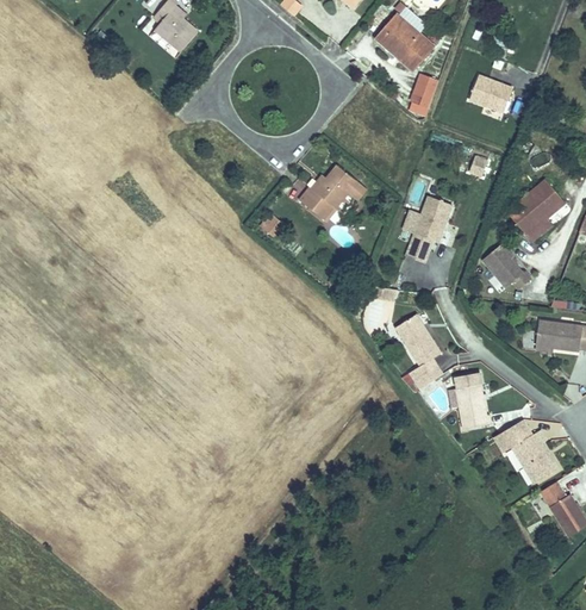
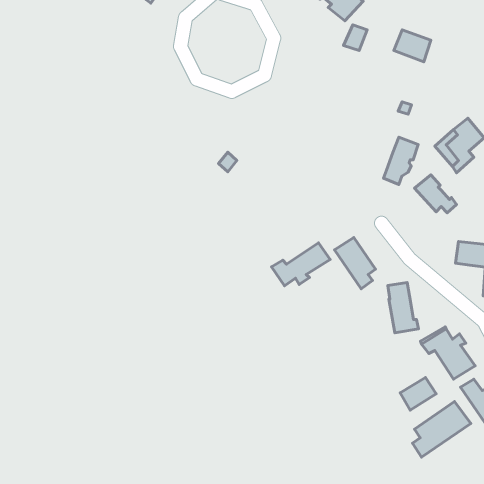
building: [293,164,351,222] -> none
building: [410,199,450,254] -> [383,137,418,184]
building: none -> [271,243,330,286]
building: none -> [400,377,436,410]
building: none -> [413,401,471,457]

